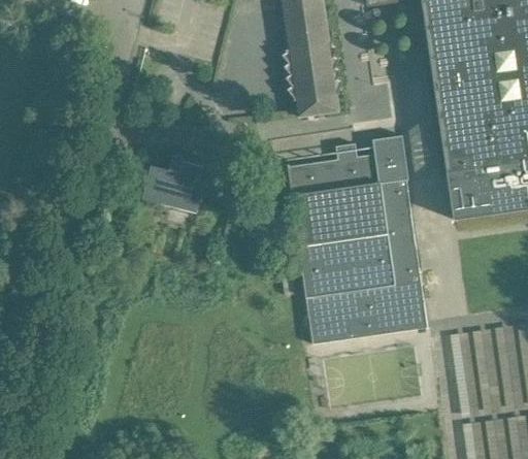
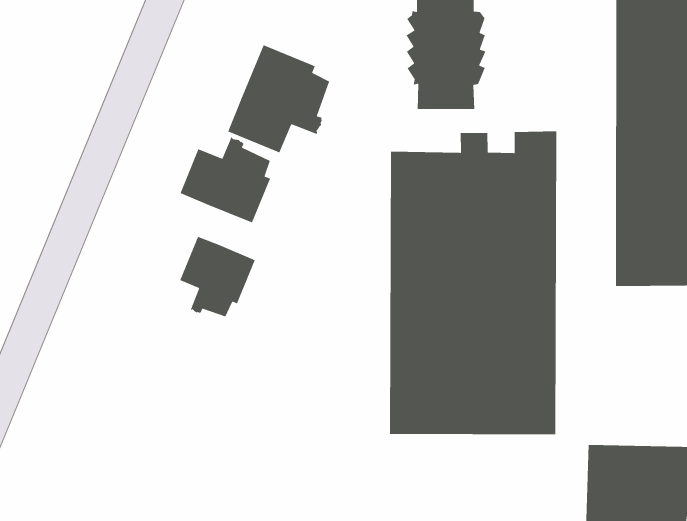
building: none -> [227,44,330,153]
building: none -> [179,236,256,317]

